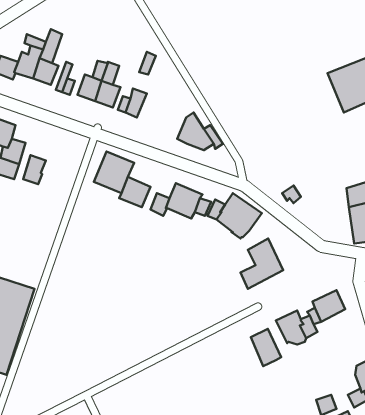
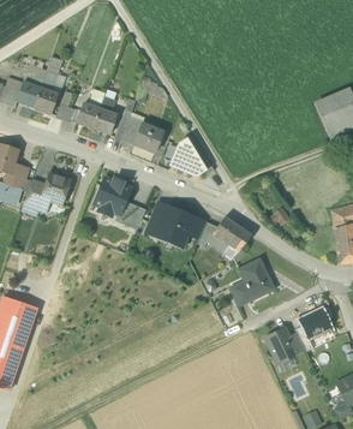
building: none -> [133,120,166,153]
building: none -> [42,172,71,203]
building: [251,329,281,366] -> none

